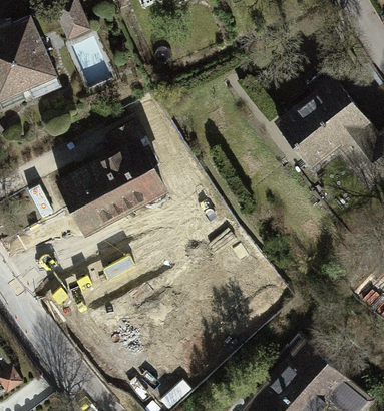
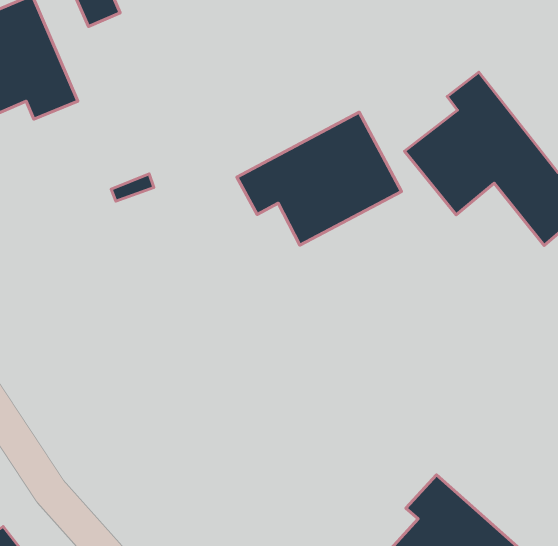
building: none -> [237,112,401,245]
building: [56,142,168,246] -> none

